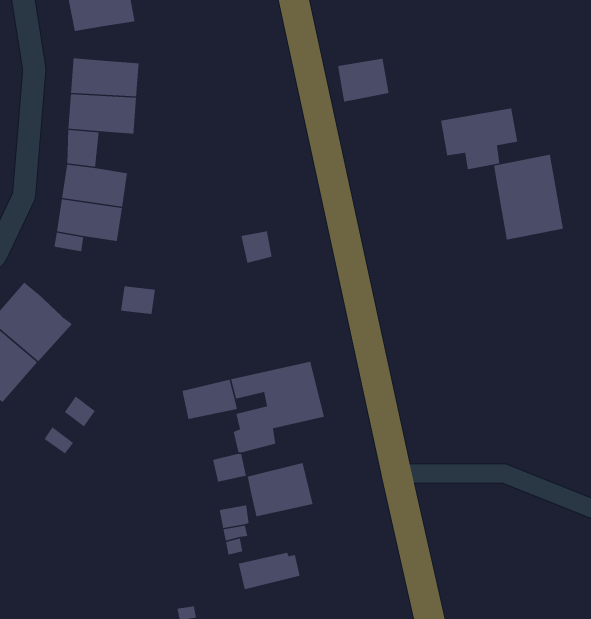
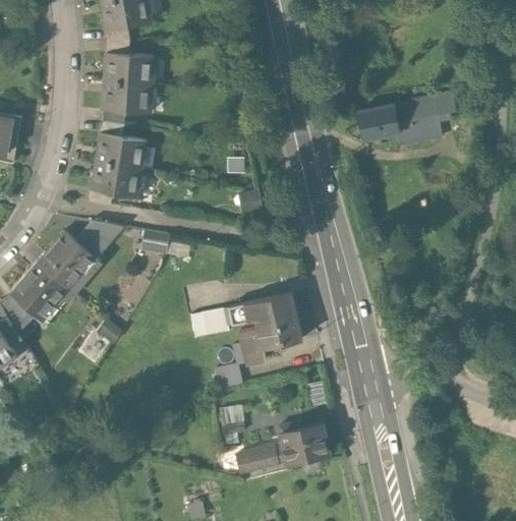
building: none -> [103,26,129,53]
building: [337,58,389,103] -> [358,101,400,136]
building: [493,154,564,241] -> none
building: none -> [75,221,121,256]
building: [247,462,313,517] -> [277,419,330,463]

